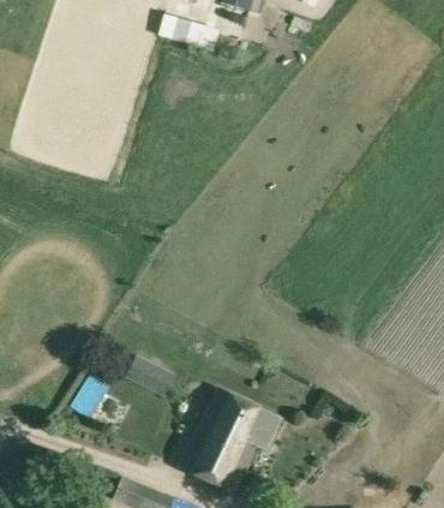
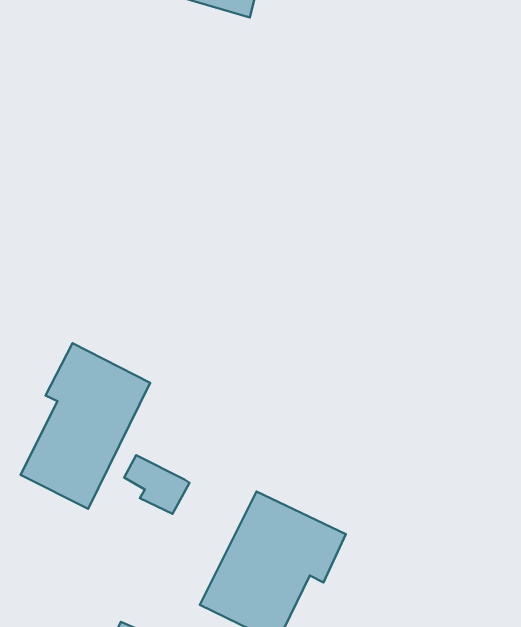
building: none -> [21,343,150,509]

